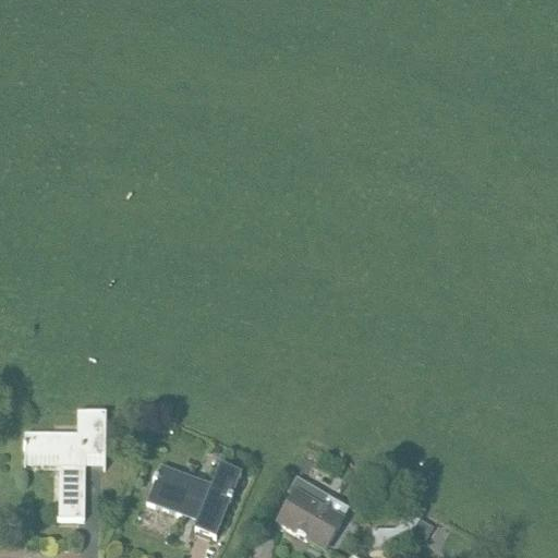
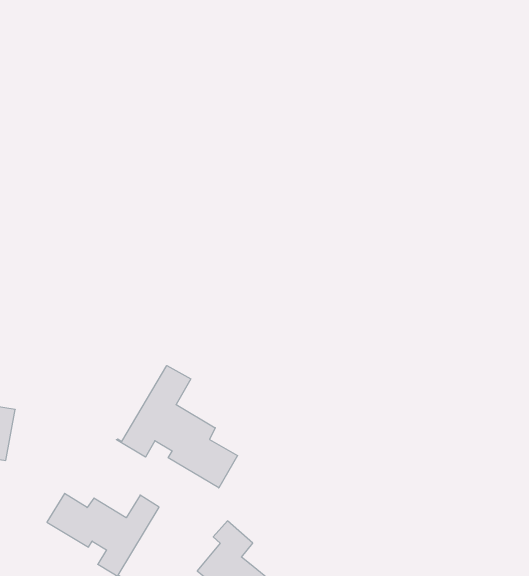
building: none -> [116,366,238,488]

